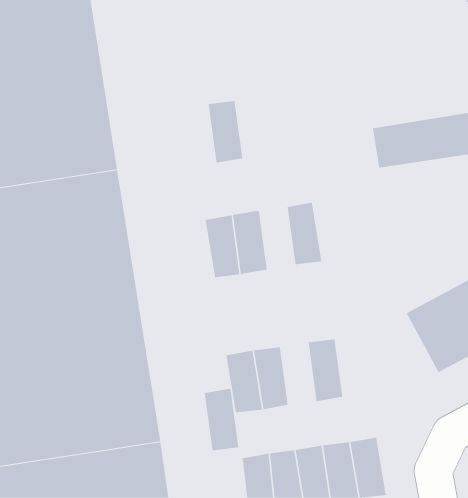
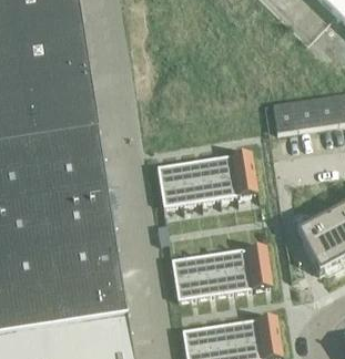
building: [208,100,243,163] -> [195,156,220,199]
building: none -> [232,150,257,194]
building: none -> [247,244,272,287]
building: [204,388,239,451] -> [210,249,234,293]

